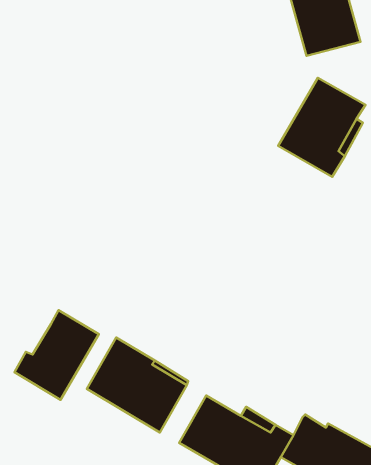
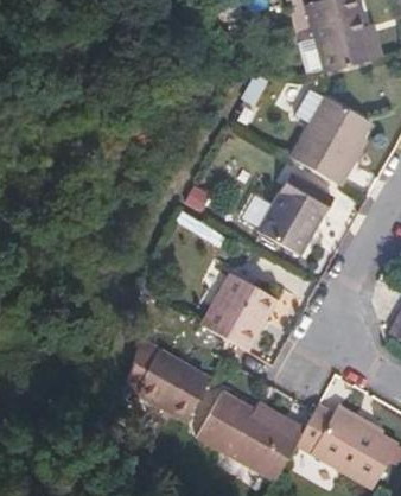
building: none -> [259,173,333,253]
building: none -> [200,272,278,351]
building: [15,310,99,400] -> none

